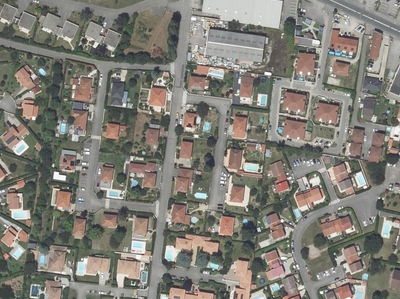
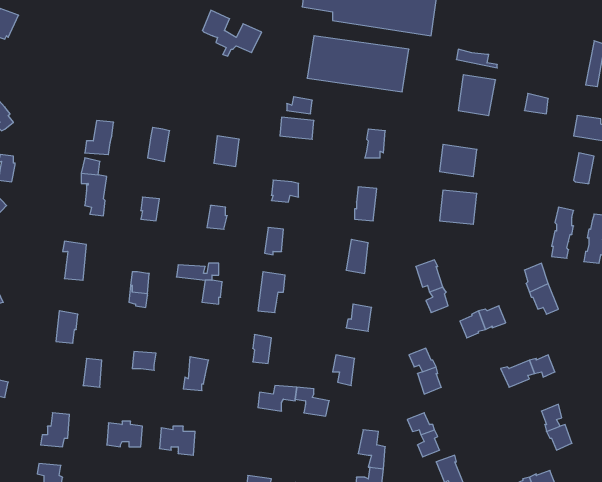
building: [39,12,77,37] -> none
building: [85,21,120,48] -> [202,10,262,56]
building: [328,29,357,52] -> none
building: [315,102,338,121] -> none

